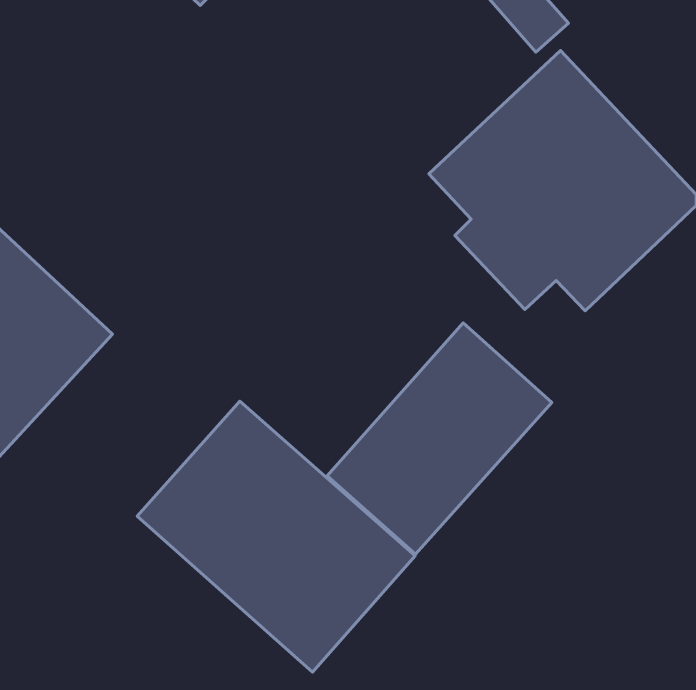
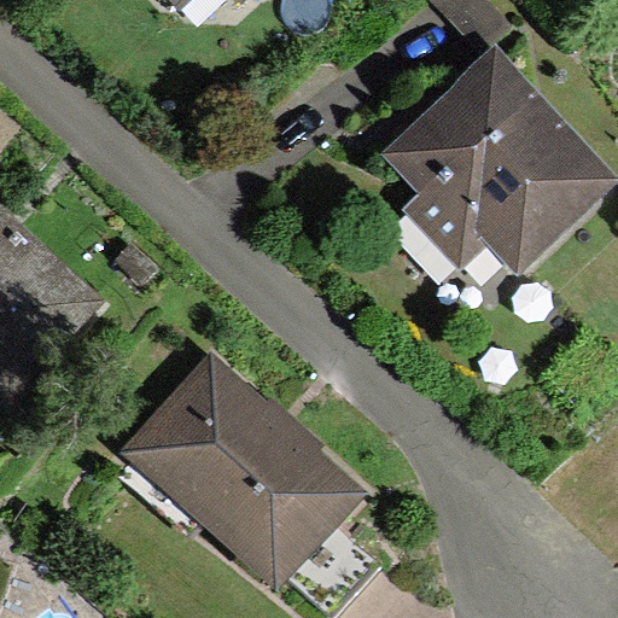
building: [327,323,552,554] -> none

